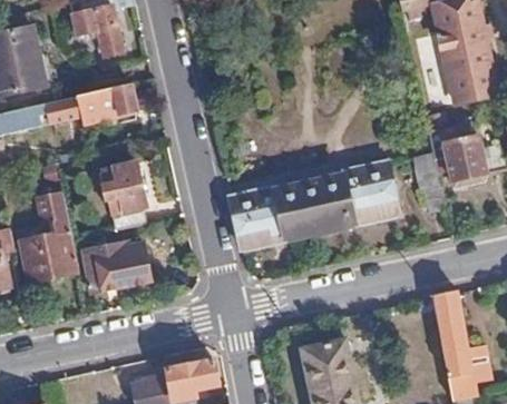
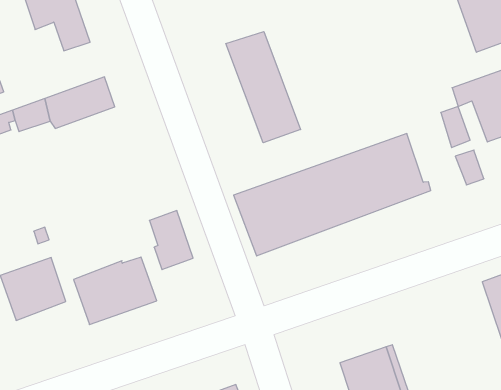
building: none -> [226,32,301,143]
building: [111,164,145,213] -> [149,211,193,270]

